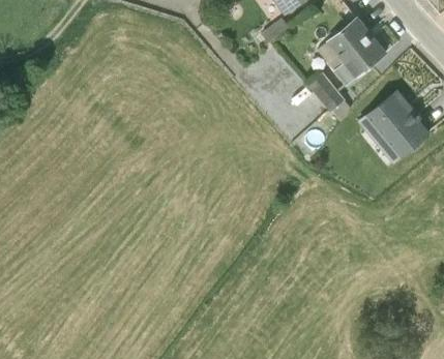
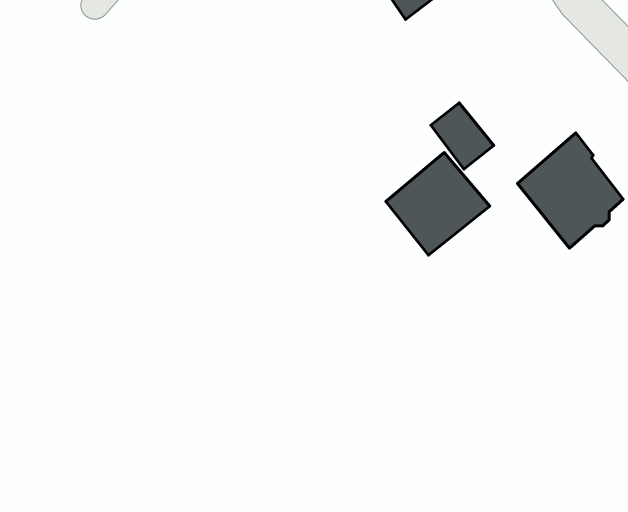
building: [318,18,386,85] -> [386,153,490,255]

